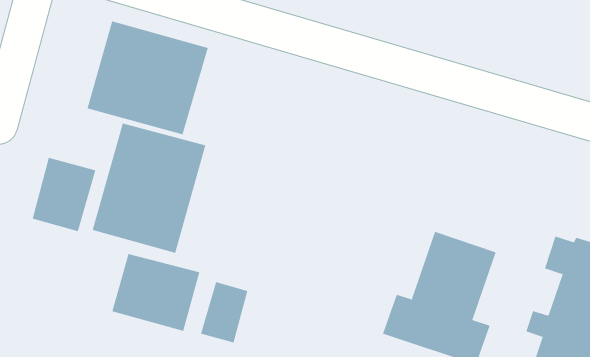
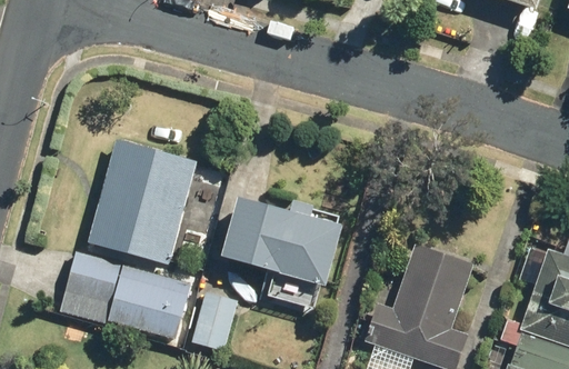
building: [87,21,209,135] -> none
building: [32,157,96,232] -> [60,251,121,322]
building: none -> [221,198,342,287]

